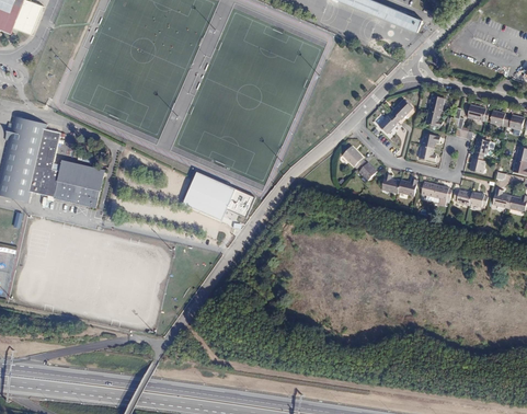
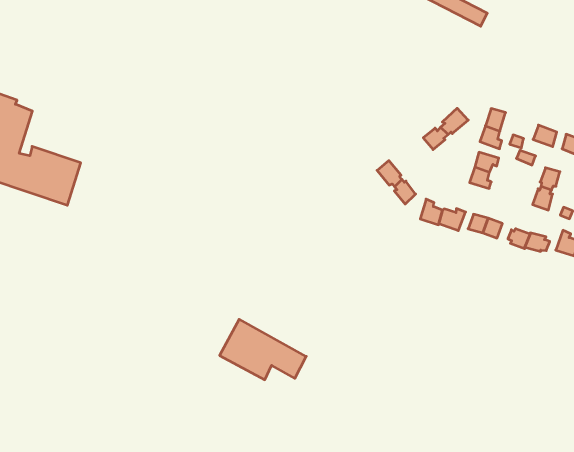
building: [182,173,252,220] -> [220,319,306,380]

